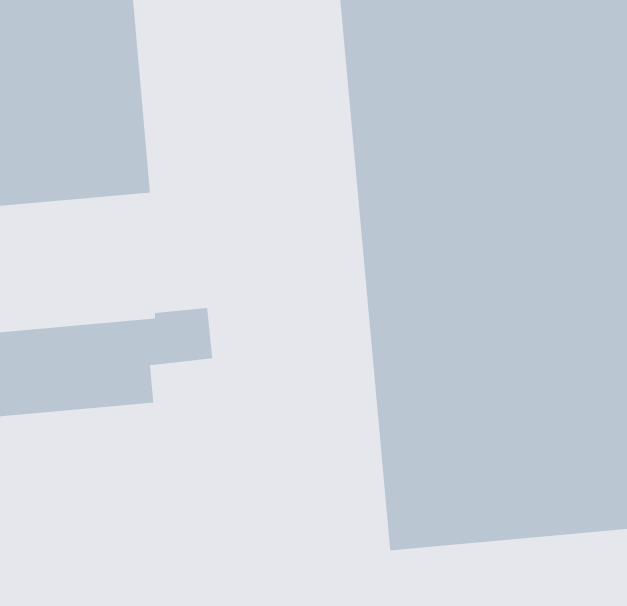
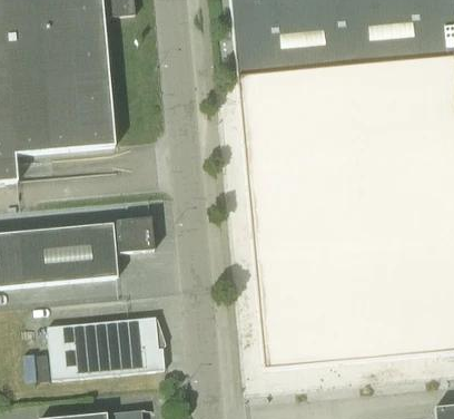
building: none -> [48,315,166,378]

